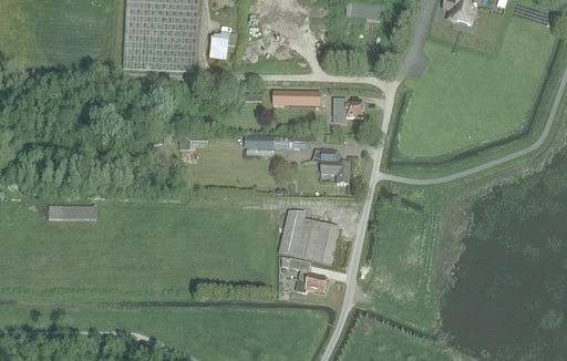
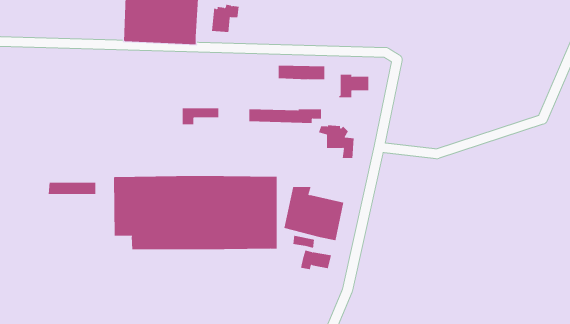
building: none -> [114,175,277,250]

